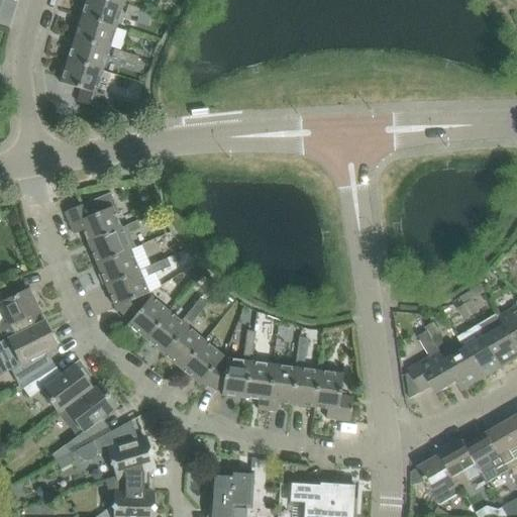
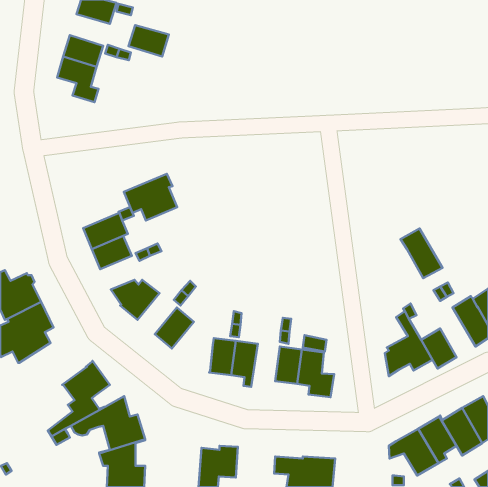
building: [74,15,116,48] -> [129,25,169,57]
building: [65,192,121,241] -> [124,174,177,221]
building: [106,271,148,307] -> none
building: [145,310,187,353] -> none
building: [458,325,503,378] -> [400,229,442,278]
building: [182,340,225,392] -> none
building: [20,358,97,413] -> none
building: [266,364,296,410] -> none

